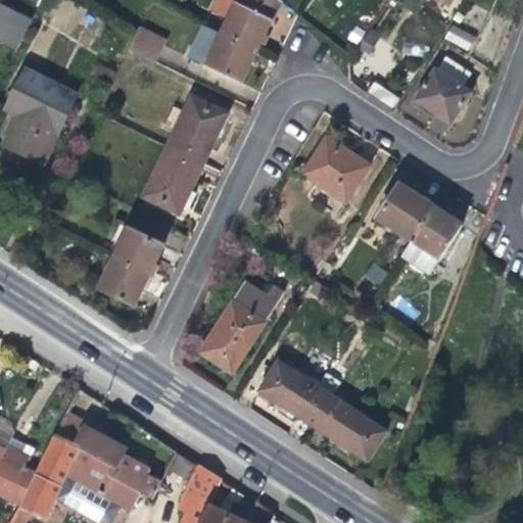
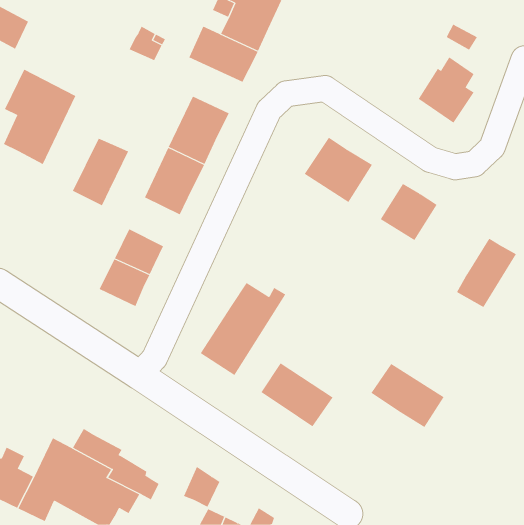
building: none -> [72,138,129,206]
building: [401,203,462,273] -> [456,238,517,308]
building: [311,394,384,459] -> [370,363,445,428]

